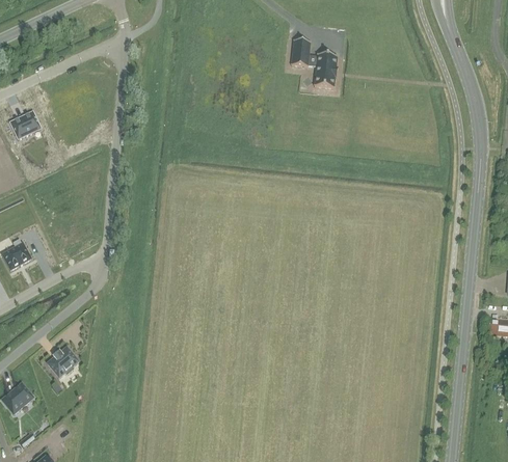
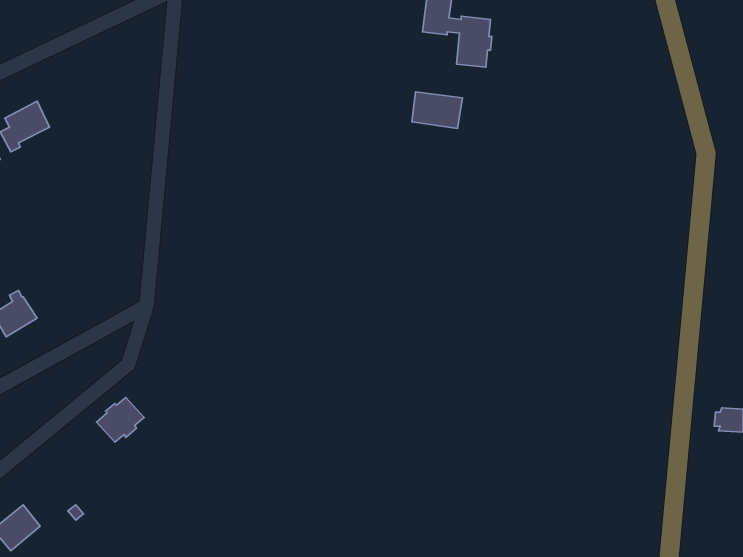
building: none -> [412,92,462,128]
building: [46,346,78,376] -> [96,397,144,442]

